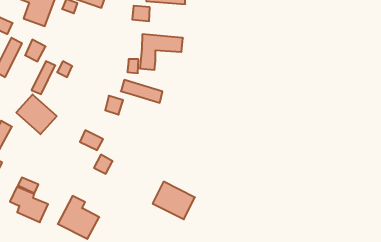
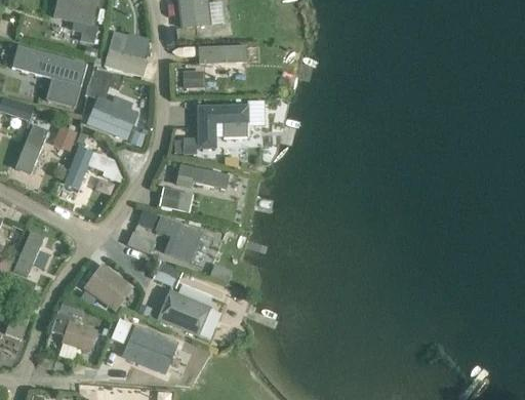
building: none -> [87,102,136,139]
building: [16,94,57,134] -> [83,263,134,312]
building: none -> [156,215,202,263]
building: [153,182,195,219] -> [158,290,210,335]

